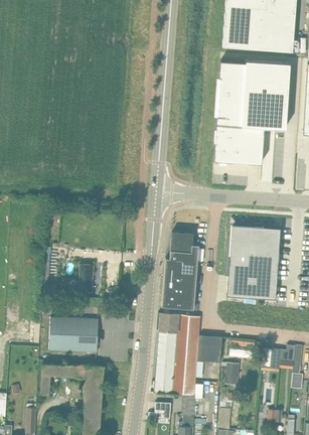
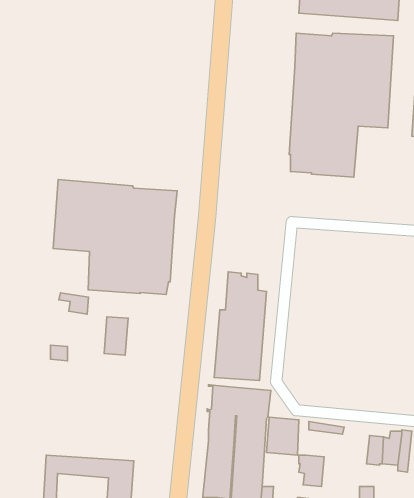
building: none -> [53,180,177,294]
building: [226,227,280,299] -> none
building: [48,317,98,352] -> none

